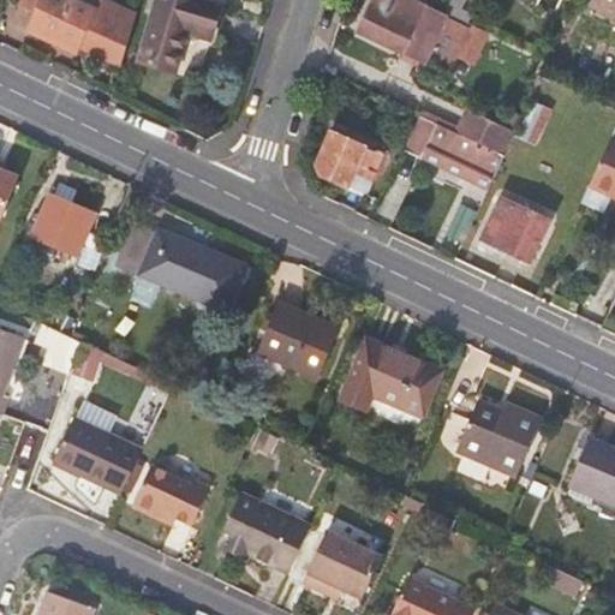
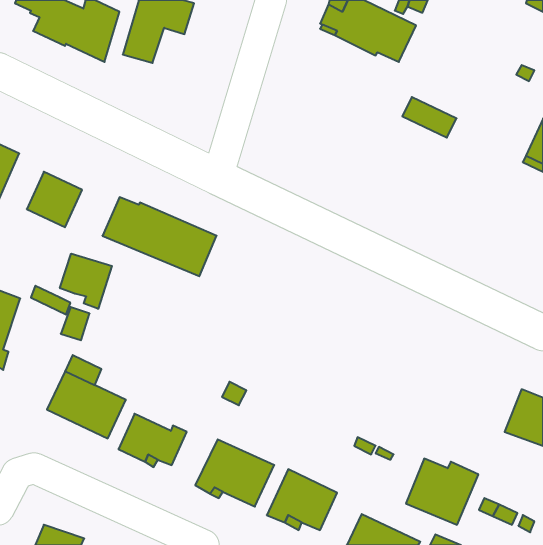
building: [404,115,503,179] -> none
building: [316,132,383,193] -> none
building: [482,198,547,261] -> none
building: none -> [60,254,112,309]
building: [257,303,338,376] -> none
building: [340,336,441,417] -> none
building: [456,400,538,474] -> [406,459,478,525]

